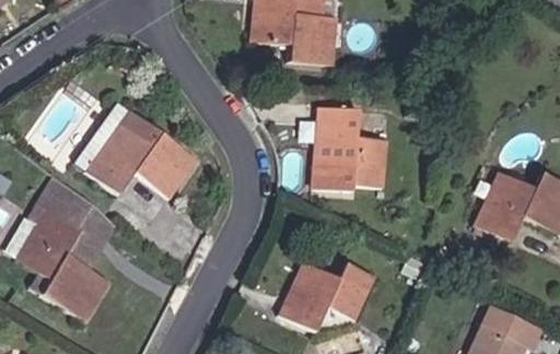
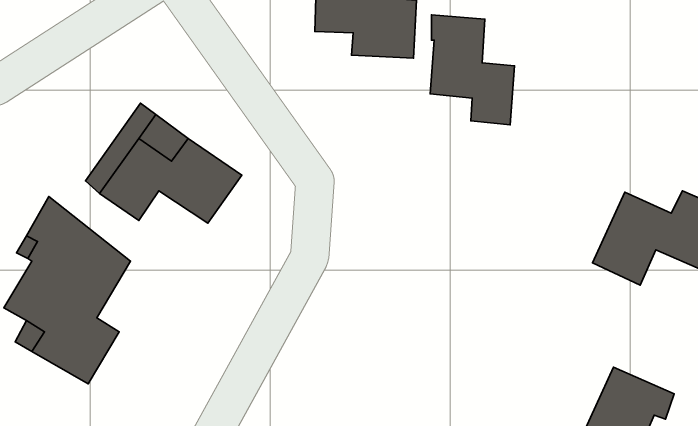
building: [317,111,383,197] -> [430,15,515,125]
building: [279,262,372,332] -> none

